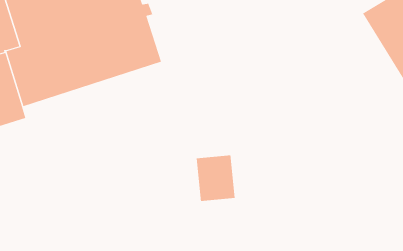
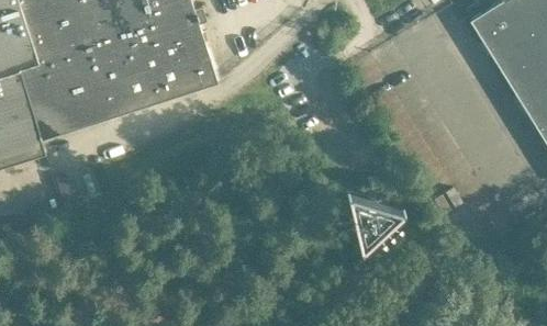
building: [196,155,236,201] -> [355,188,405,247]

